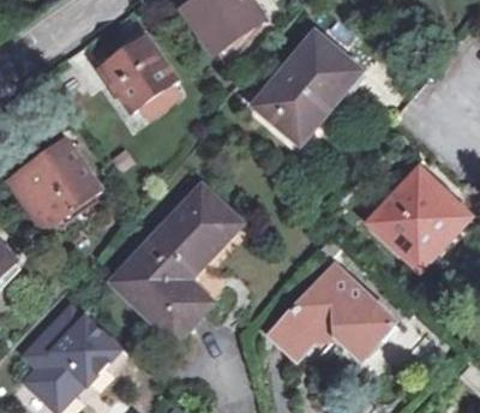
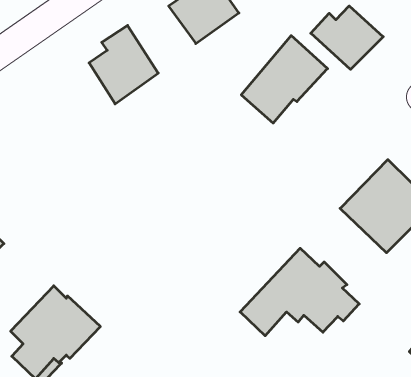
building: none -> [311,6,383,69]
building: [24,146,103,226] -> none
building: [112,187,239,339] -> none

